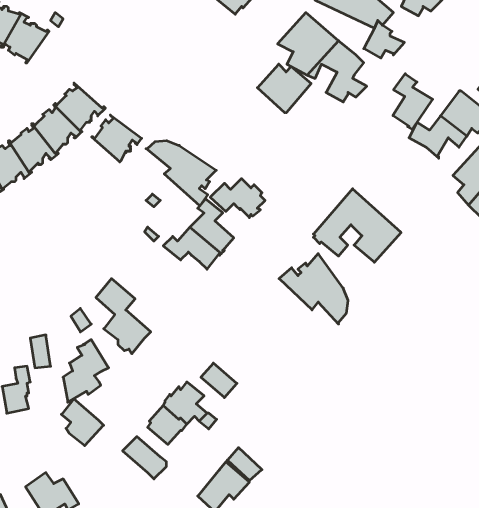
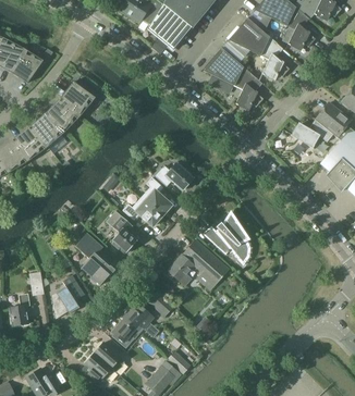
building: [257,64,311,113] -> none
building: [393,74,433,129] -> none
building: [92,115,142,162] -> [60,82,95,114]
building: [146,141,216,206] -> none
building: [313,189,401,262] -> [168,239,229,290]
building: none -> [106,210,137,252]
building: [61,399,104,446] -> [85,352,114,385]

